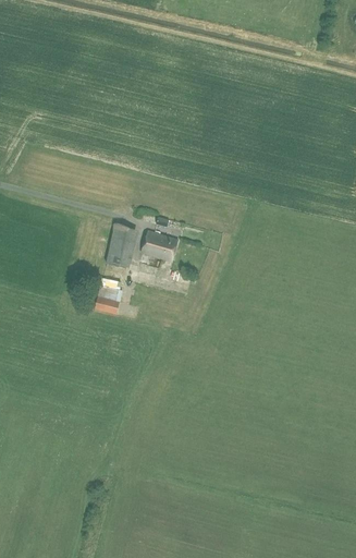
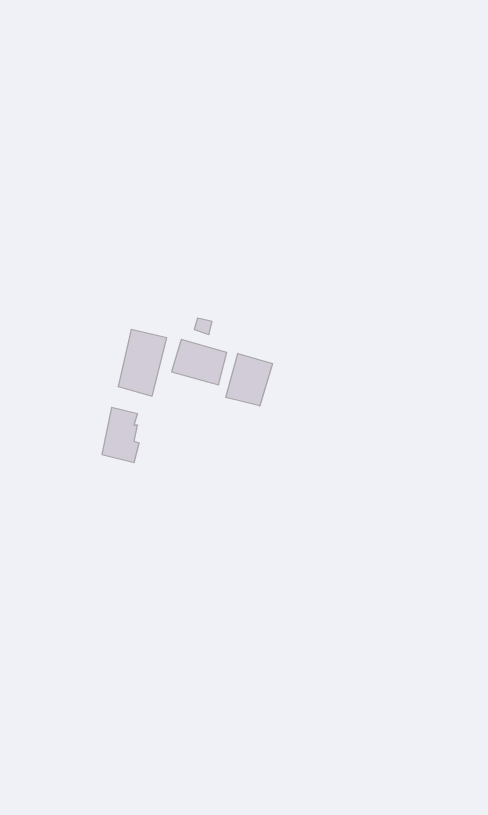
building: none -> [226,353,273,406]

